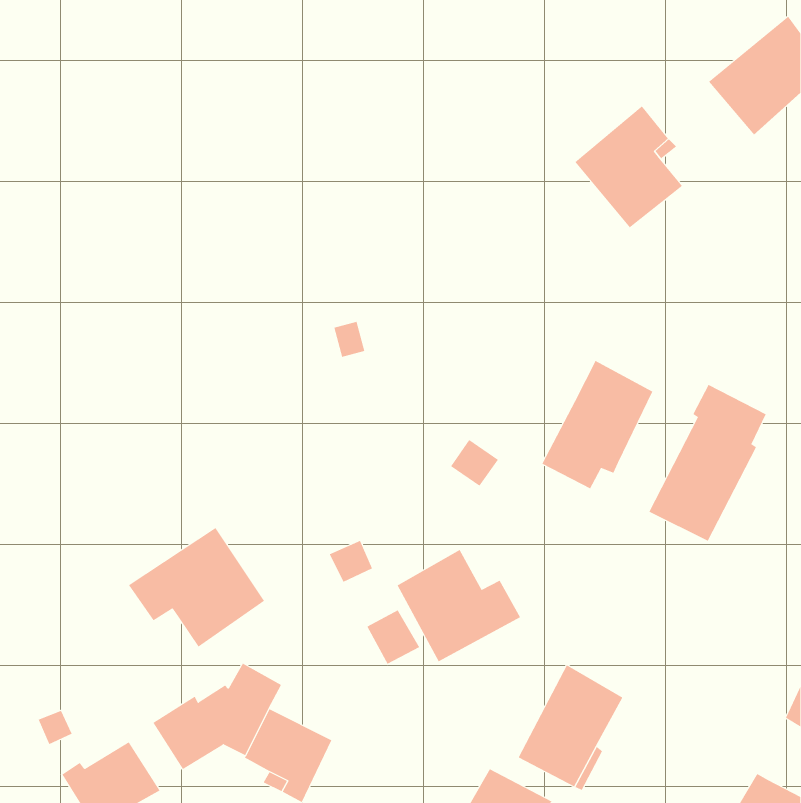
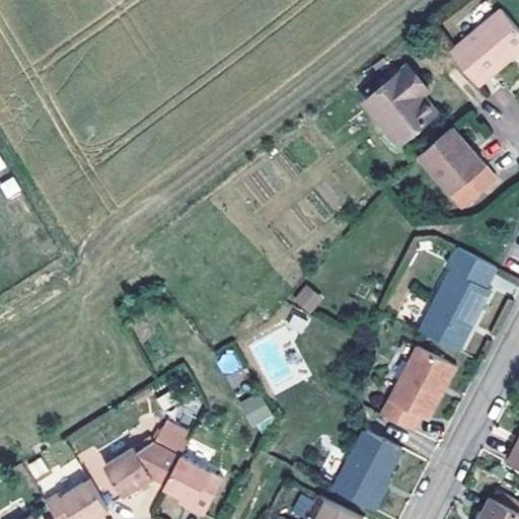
building: none -> [426,130,503,210]
building: [542,360,653,489] -> [379,347,451,430]
building: [128,527,265,648] -> none
building: [397,549,521,662] -> none

